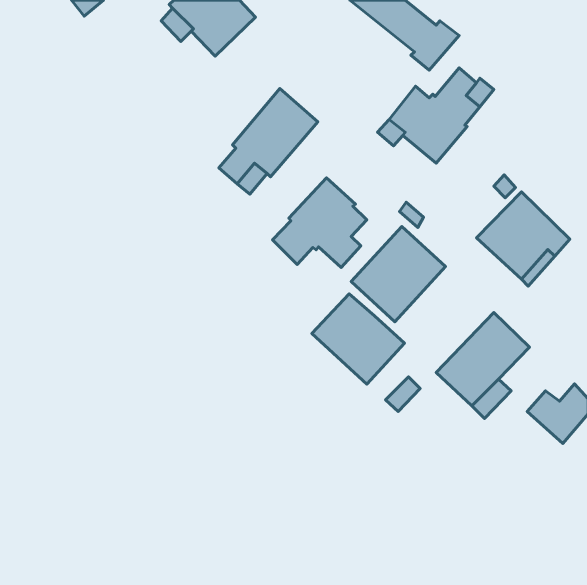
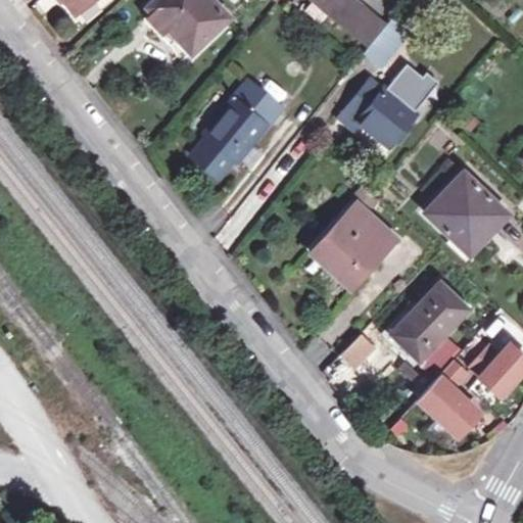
building: [273,178,367,268] -> none
building: [312,294,404,384] -> none
building: none -> [419,362,480,436]

